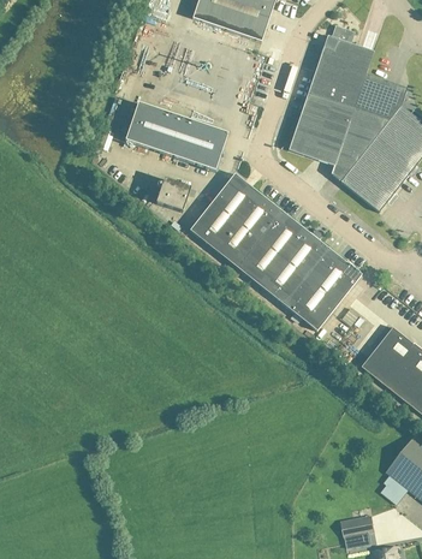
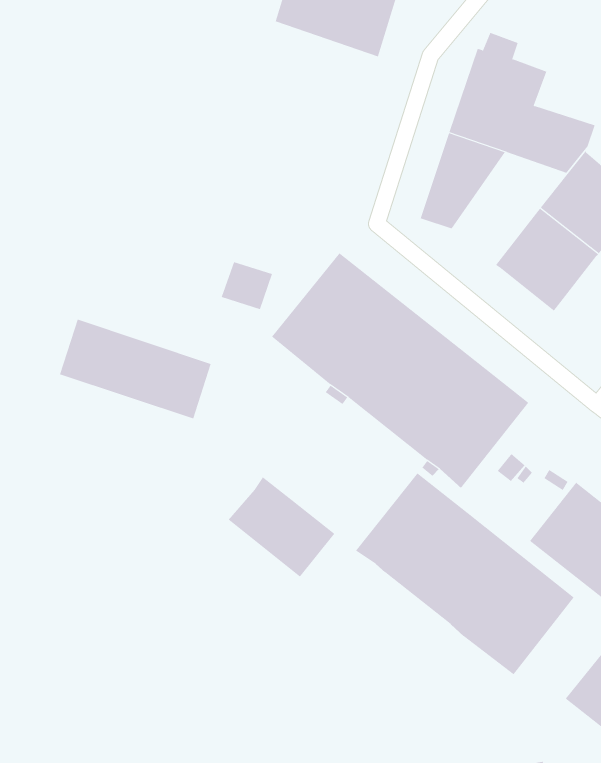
building: [125,102,227,170] -> [59,319,212,419]
building: [310,105,387,180] -> none
building: none -> [228,472,335,578]
building: none -> [355,472,574,675]

